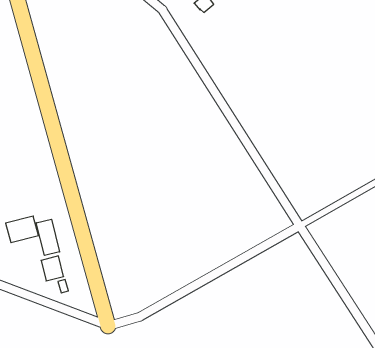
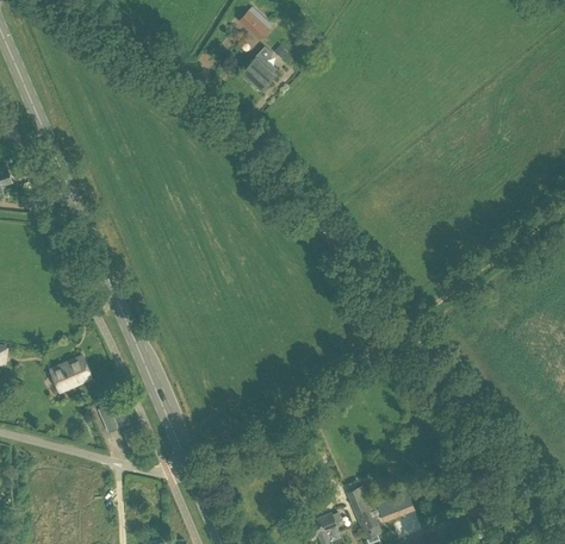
building: [36,219,60,255] -> none

